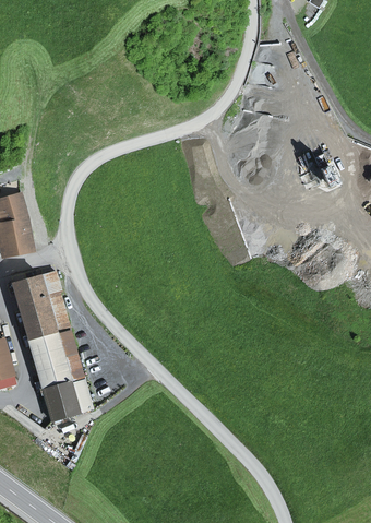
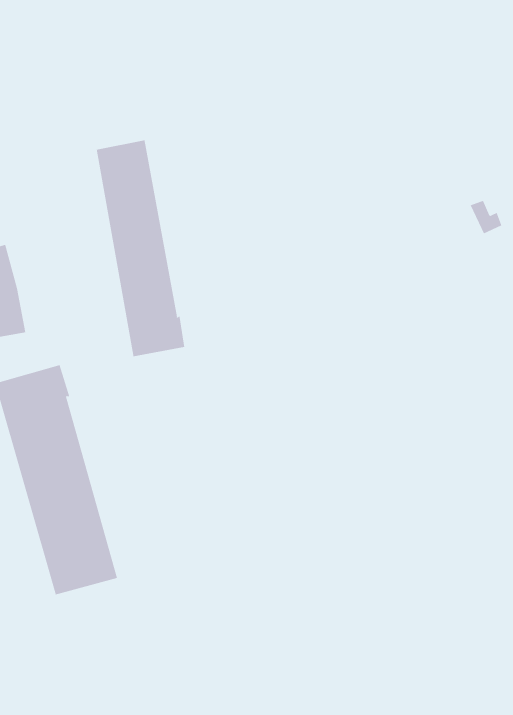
building: none -> [96,140,185,357]

